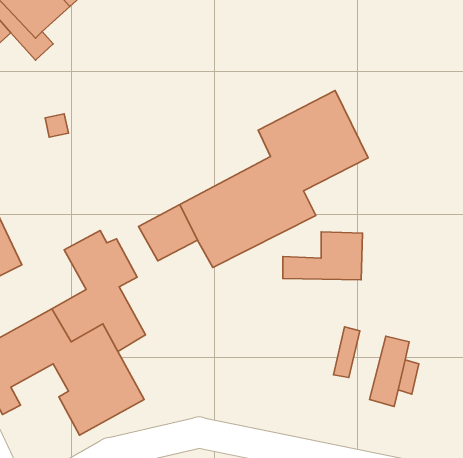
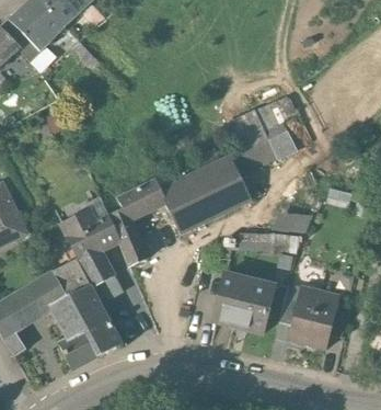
building: none -> [103,202,148,262]
building: none -> [210,274,275,332]
building: none -> [285,285,318,340]

